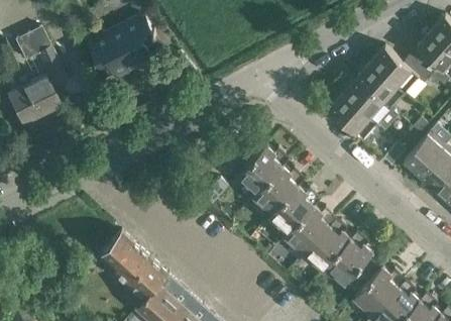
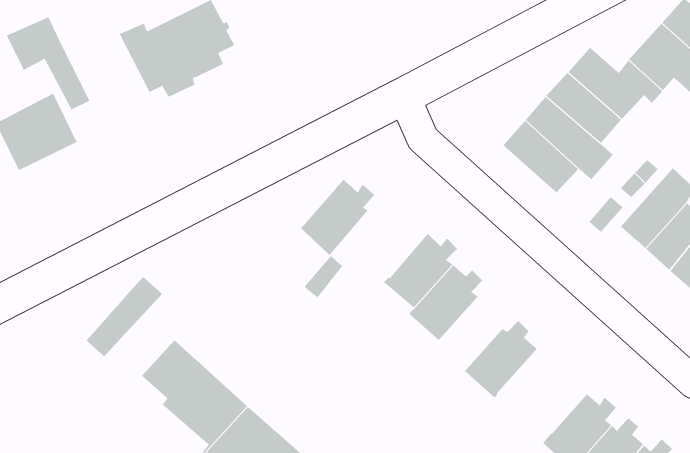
building: [238,145,286,194] -> [300,179,375,255]
building: none -> [86,276,163,357]
building: [286,206,332,253] -> none
building: [326,234,382,293] -> none

